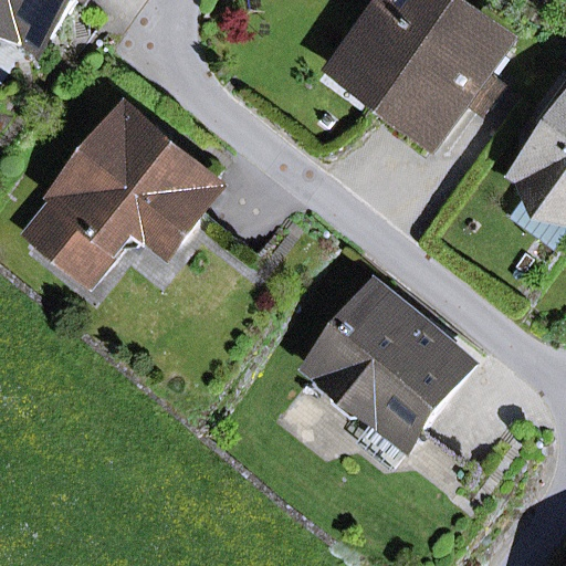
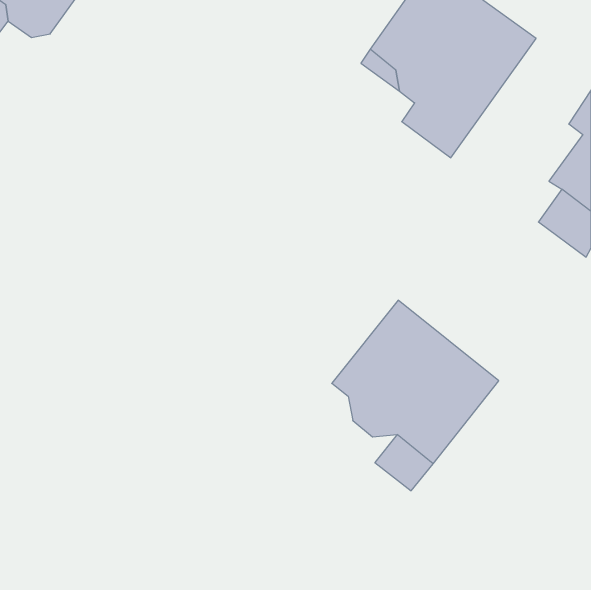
building: [38,105,216,268] -> none

